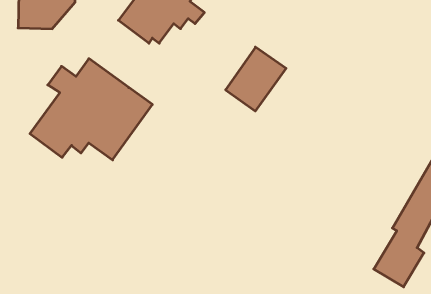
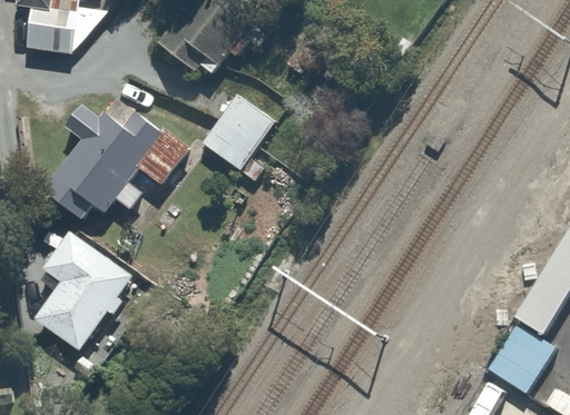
building: [226,47,286,111] -> [200,89,279,172]
building: none -> [32,226,148,359]

